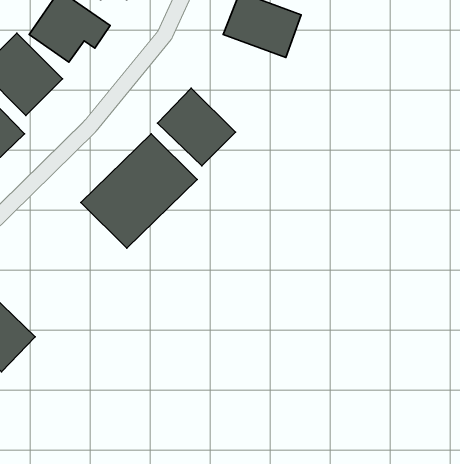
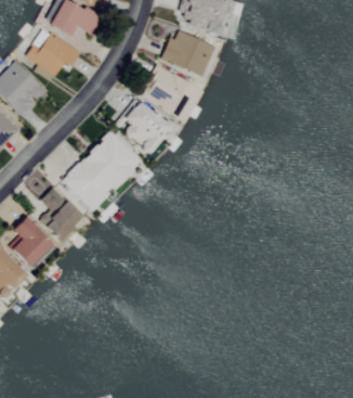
building: none -> [140,63,205,126]
building: none -> [40,187,84,241]
building: none -> [11,216,53,267]

